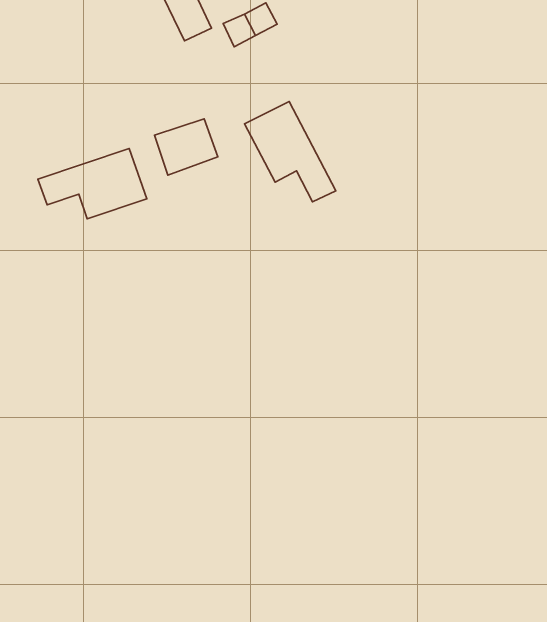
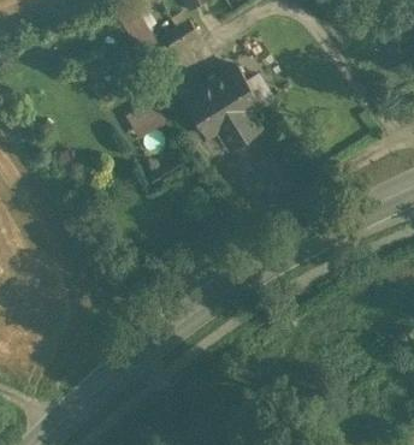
building: none -> [211,70,260,142]
building: [38,149,147,219] -> none

